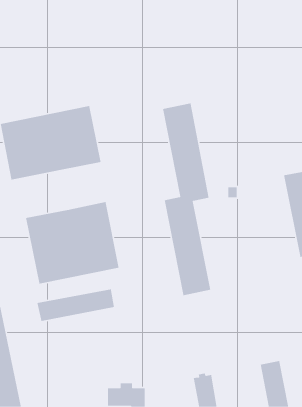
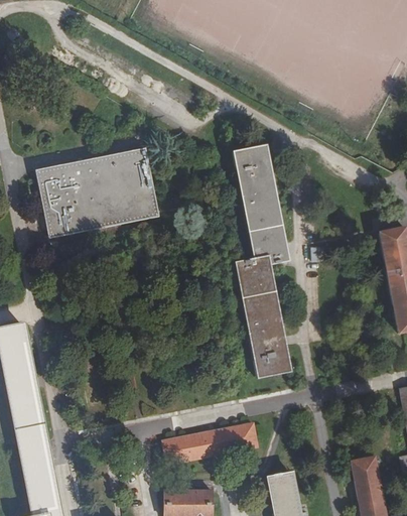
building: [25,201,119,284] -> none
building: [37,288,115,322] -> [162,423,257,464]

